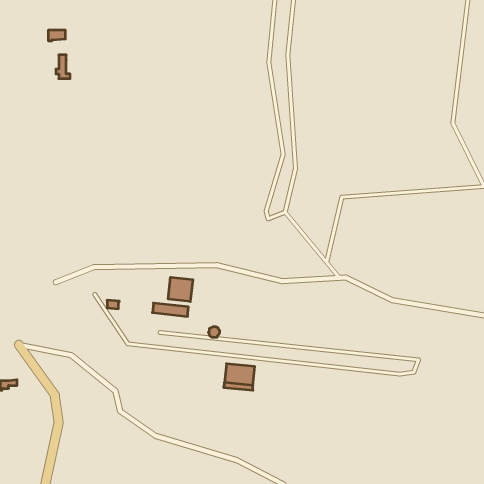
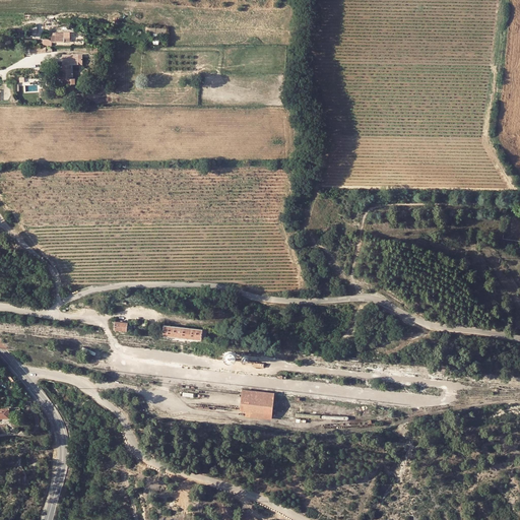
building: [168,277,193,302] -> none

